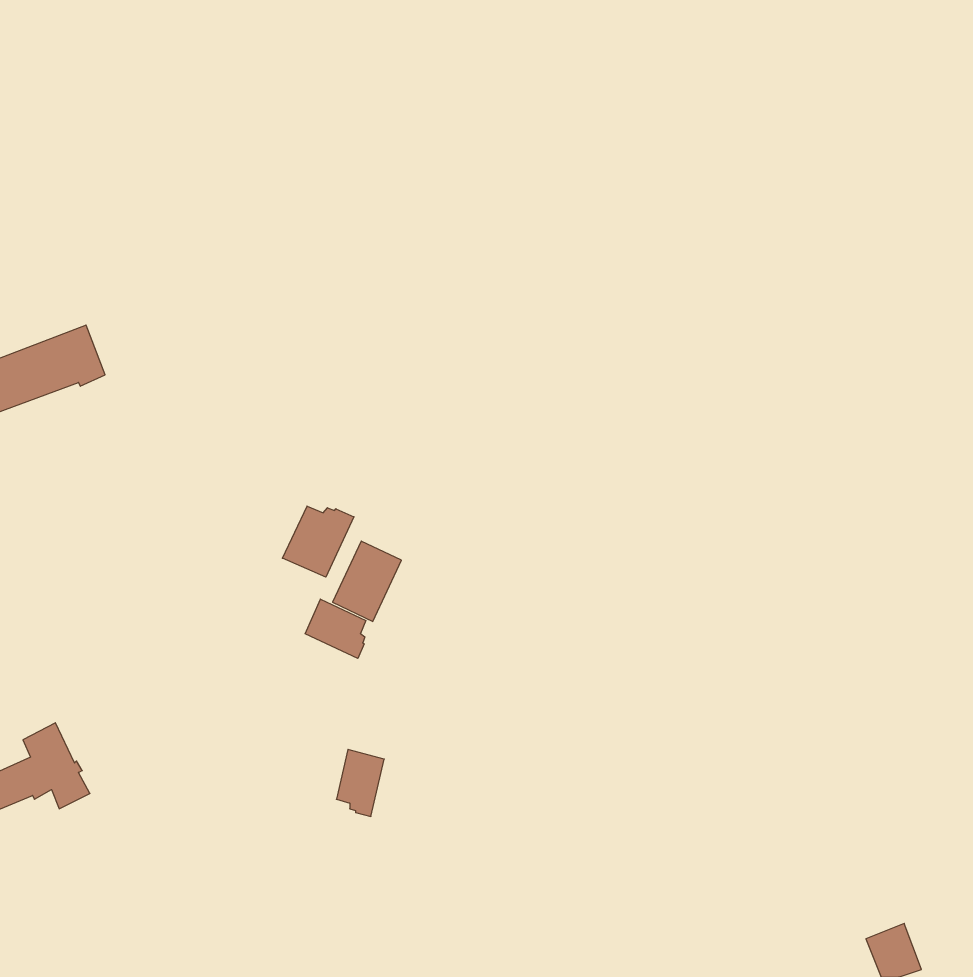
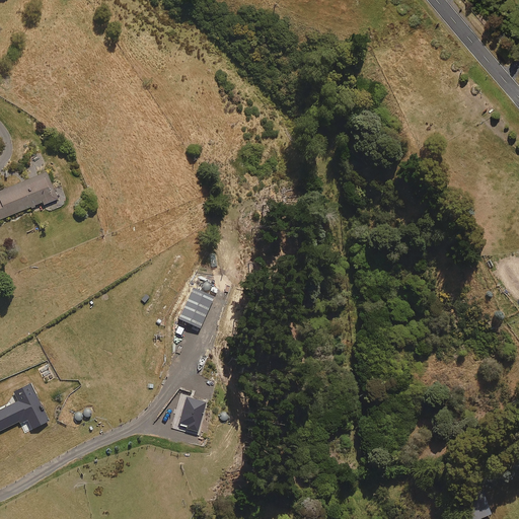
building: [282,506,354,577] -> none
building: [305,599,366,658] -> none

